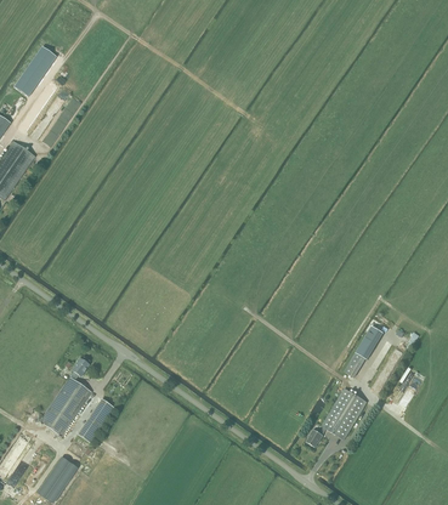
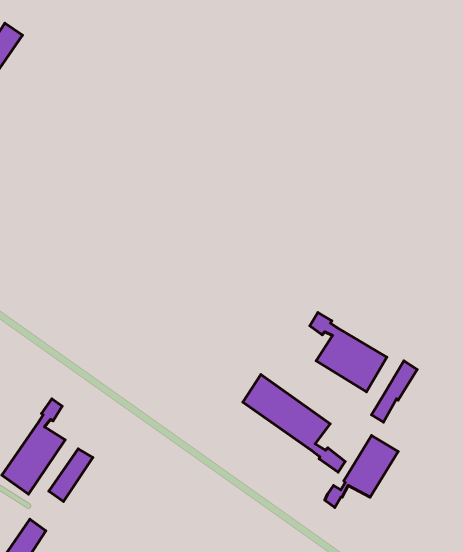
building: none -> [310,312,387,392]
building: none -> [243,375,345,472]

